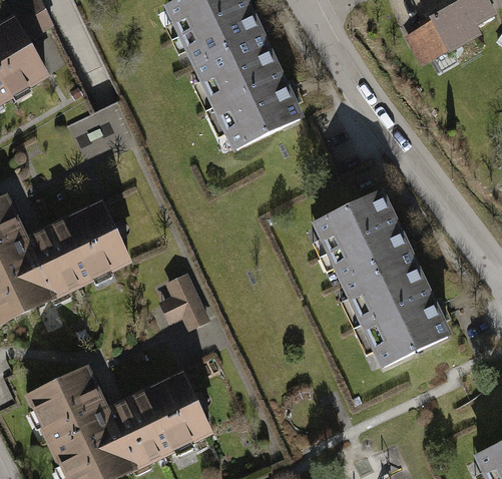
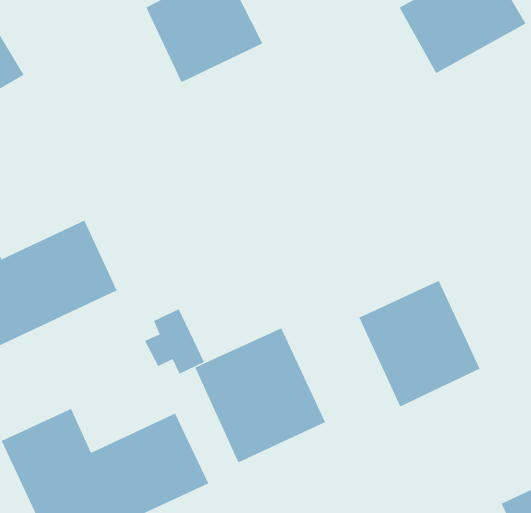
building: [188,40,300,155] -> none
building: [315,183,419,285] -> none
building: none -> [194,327,326,463]

